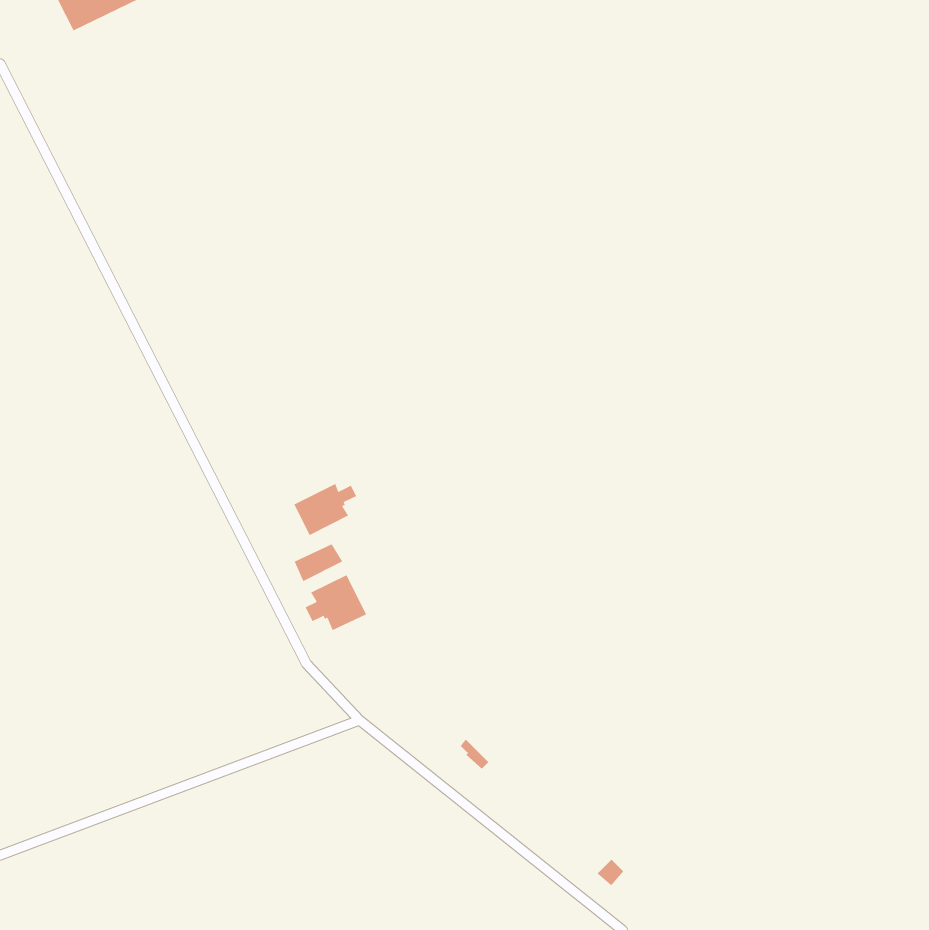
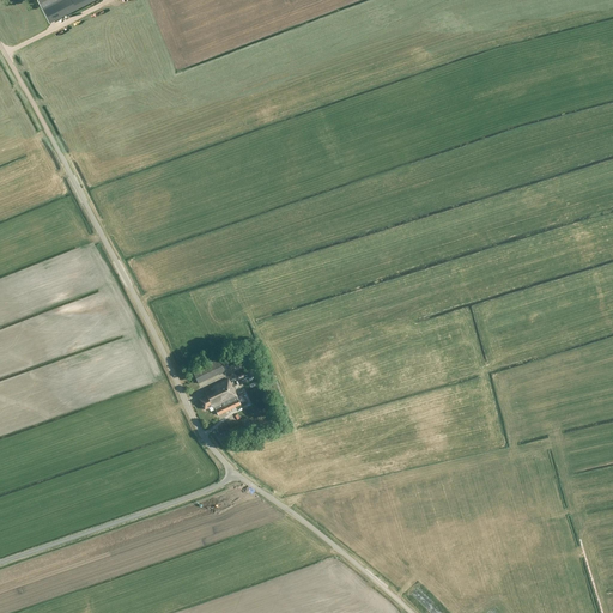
building: [293,483,357,536] -> none

